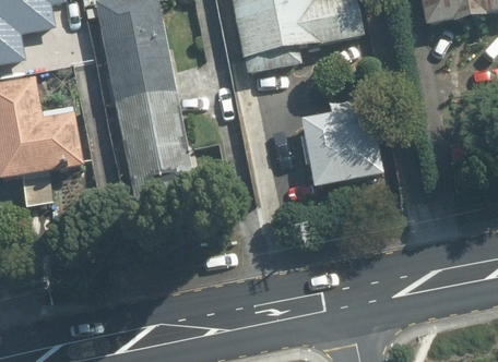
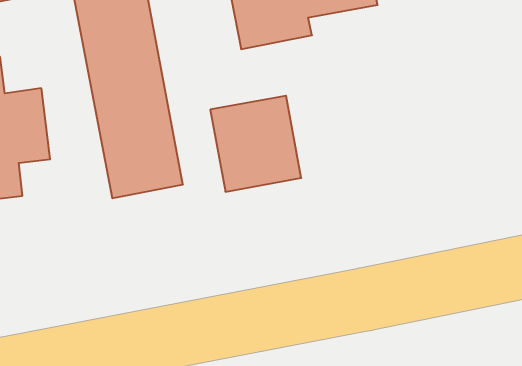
building: [299,104,378,186] -> [210,96,301,192]

